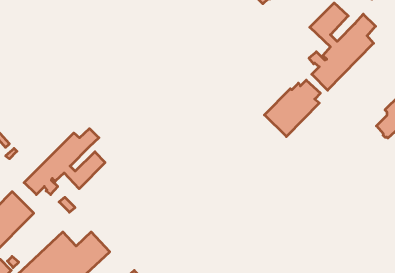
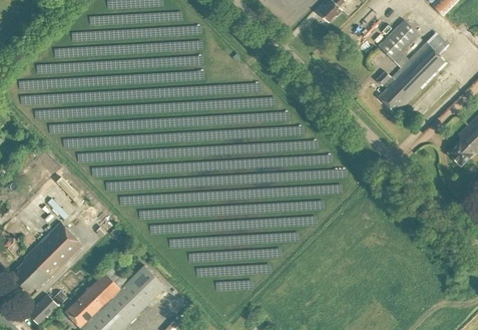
building: [264,80,320,137] -> none
building: [24,129,105,195] -> none

